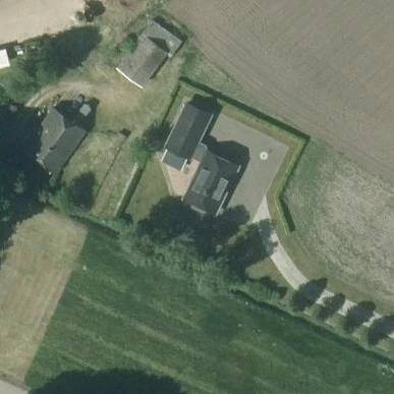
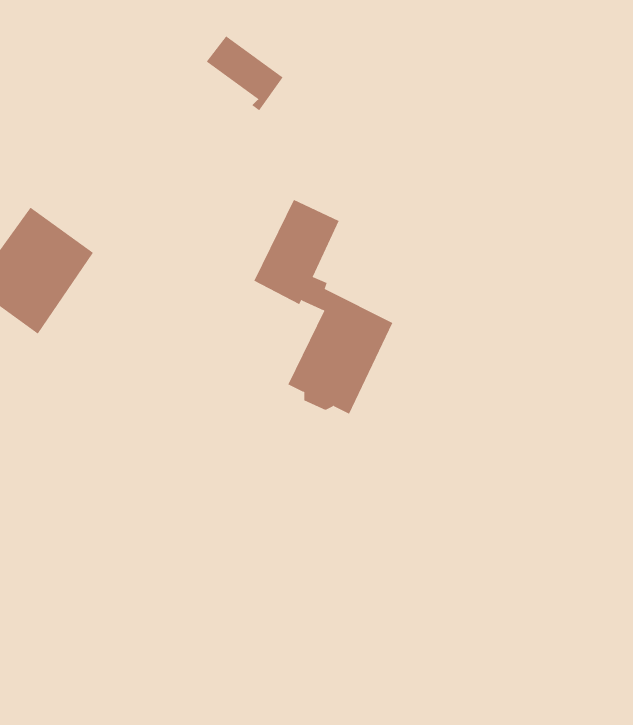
building: [110,34,163,89] -> none

